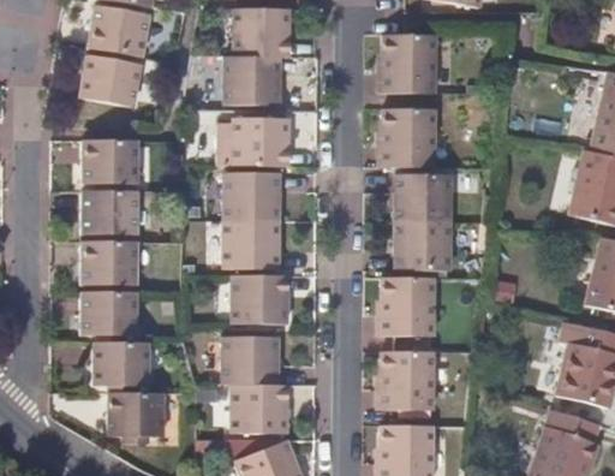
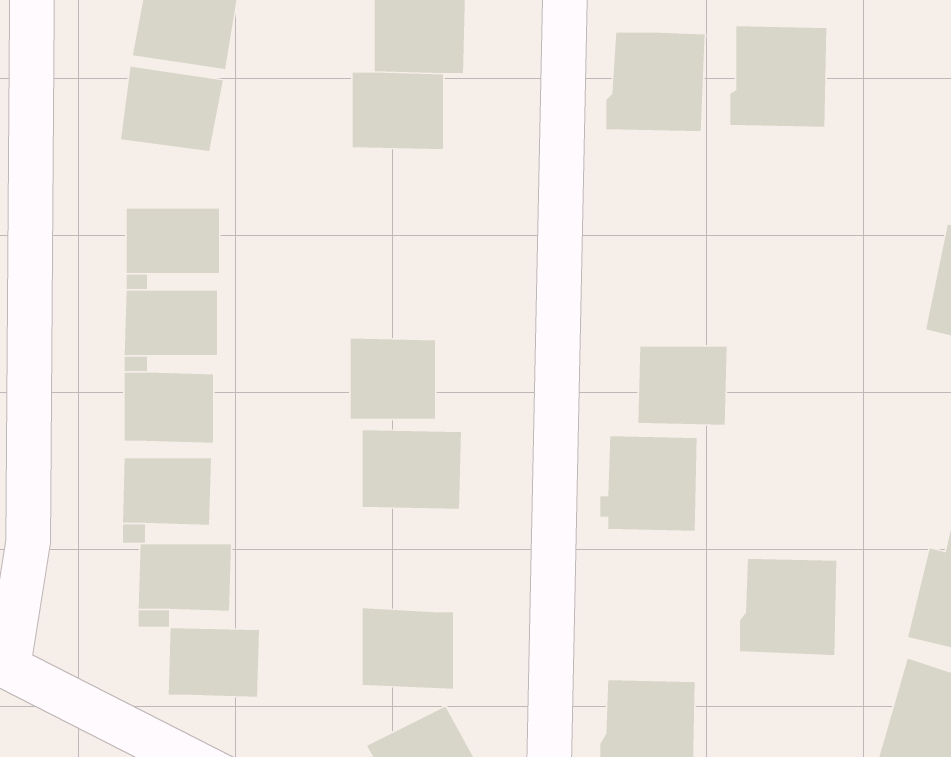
building: [375,106,434,167] -> [729,25,827,127]
building: [231,117,289,165] -> none
building: [221,172,273,219] -> none
building: [395,174,448,222] -> none
building: [219,335,271,382] -> none
building: [371,351,430,410] -> [739,558,837,656]

